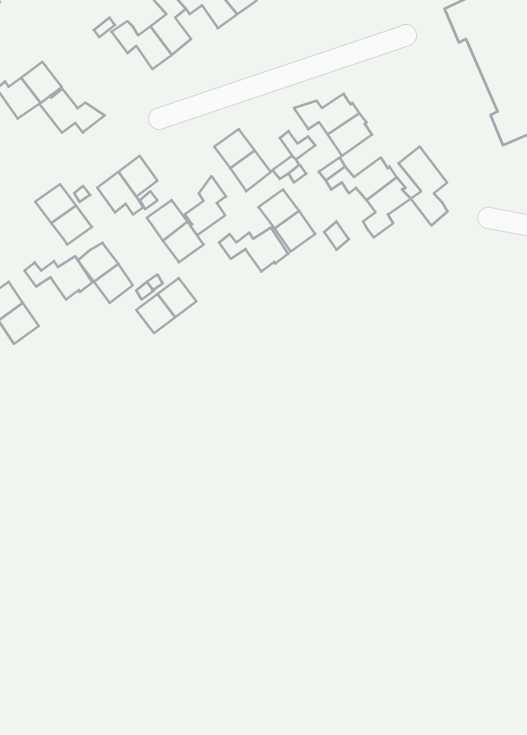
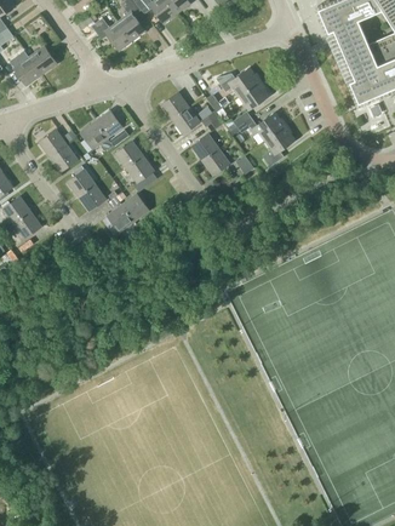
building: [39,89,105,133] -> none
building: [398,147,448,225] -> none
building: [185,176,226,235] -> none
building: [219,228,288,272] -> none
building: [25,256,92,300] -> none

